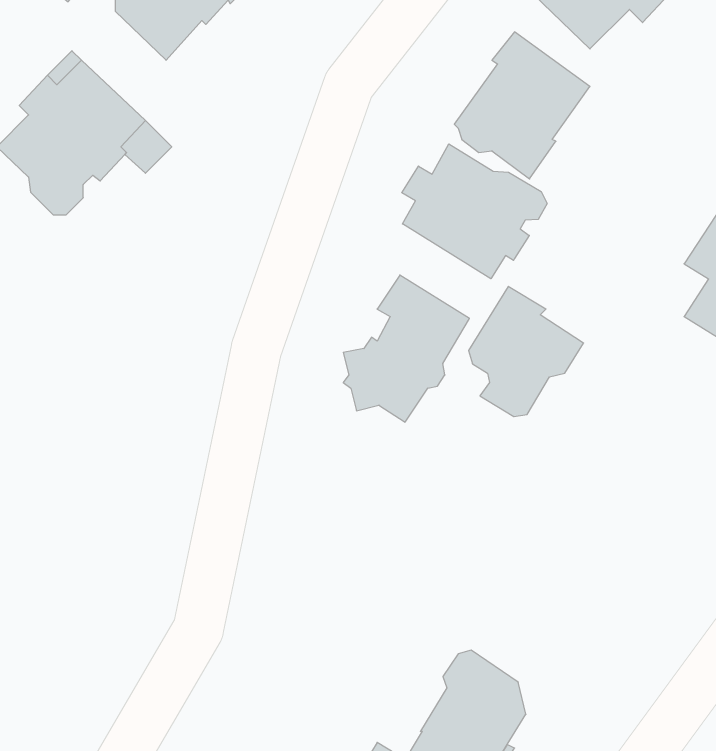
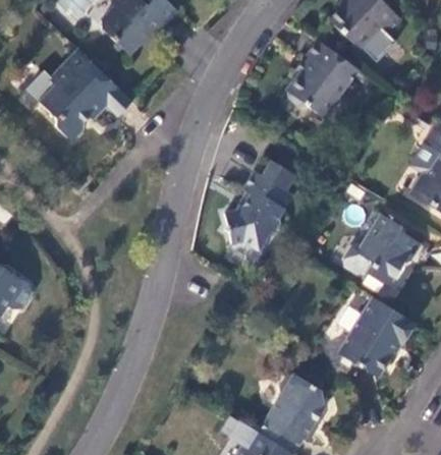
building: [402,144,547,279] -> none
building: [469,286,584,417] -> [360,213,422,283]
building: none -> [338,296,417,377]

